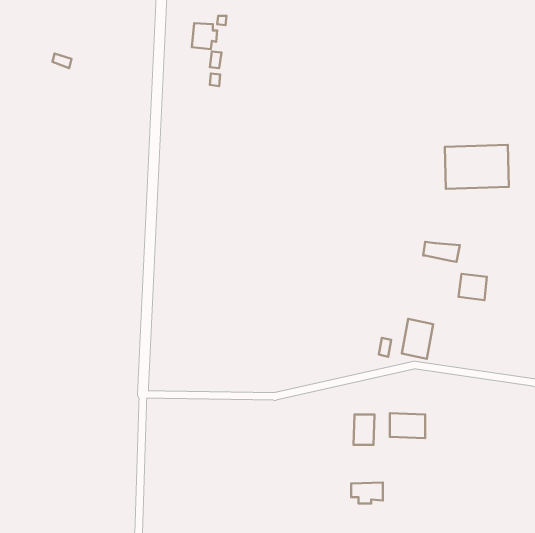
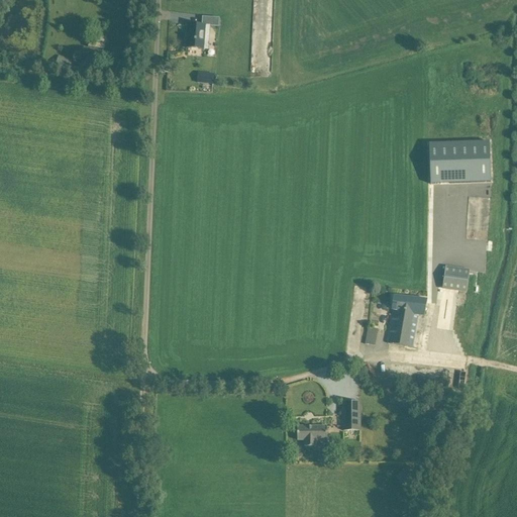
building: [423,242,460,262] -> [391,294,426,313]
building: [390,413,425,438] -> none
building: [351,483,383,504] -> [296,423,326,443]

